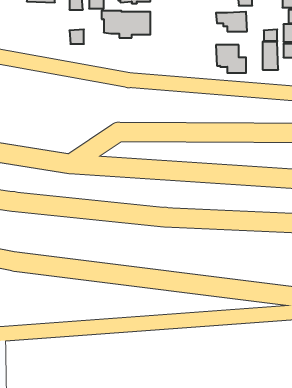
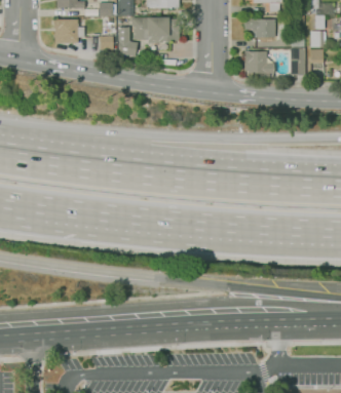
building: none -> [54,19,85,43]
building: none -> [118,28,139,56]

